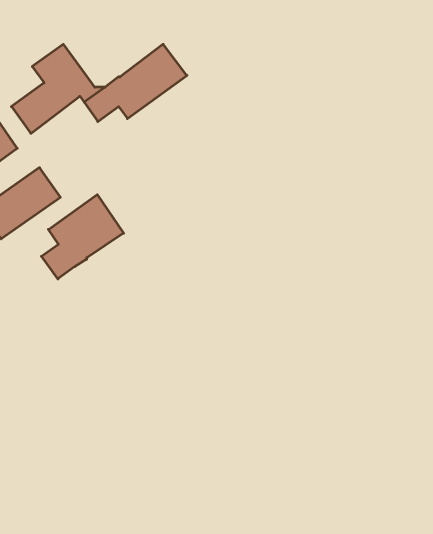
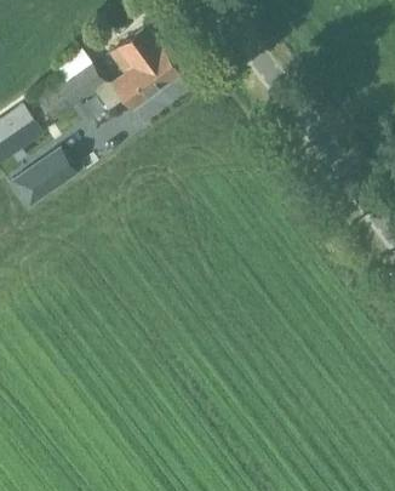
building: none -> [109,27,160,74]
building: [41,195,124,279] -> none

